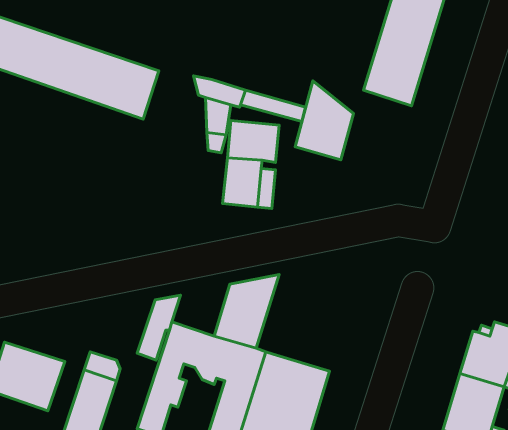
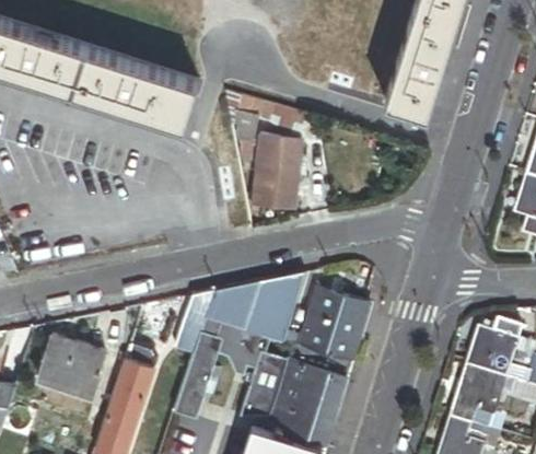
building: [295,81,353,160] -> none
building: none -> [206,280,258,327]
building: none -> [298,286,368,359]

